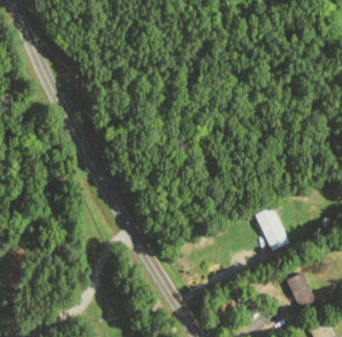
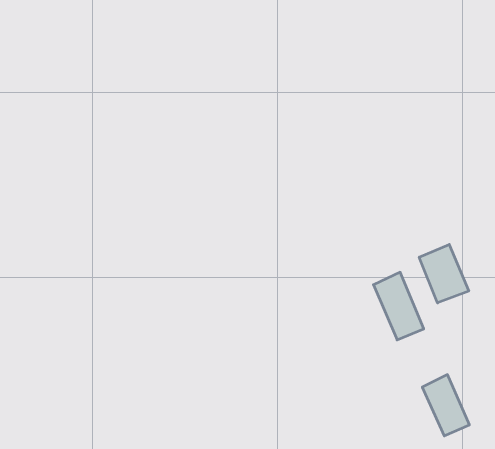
building: none -> [419,244,469,303]

